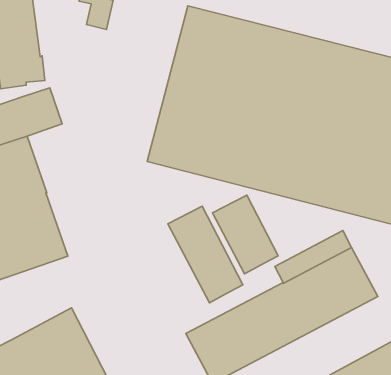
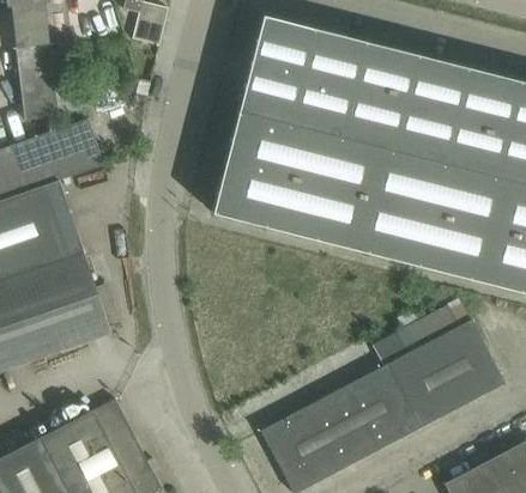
building: [212,195,278,274] -> none
building: [168,206,243,303] -> none

